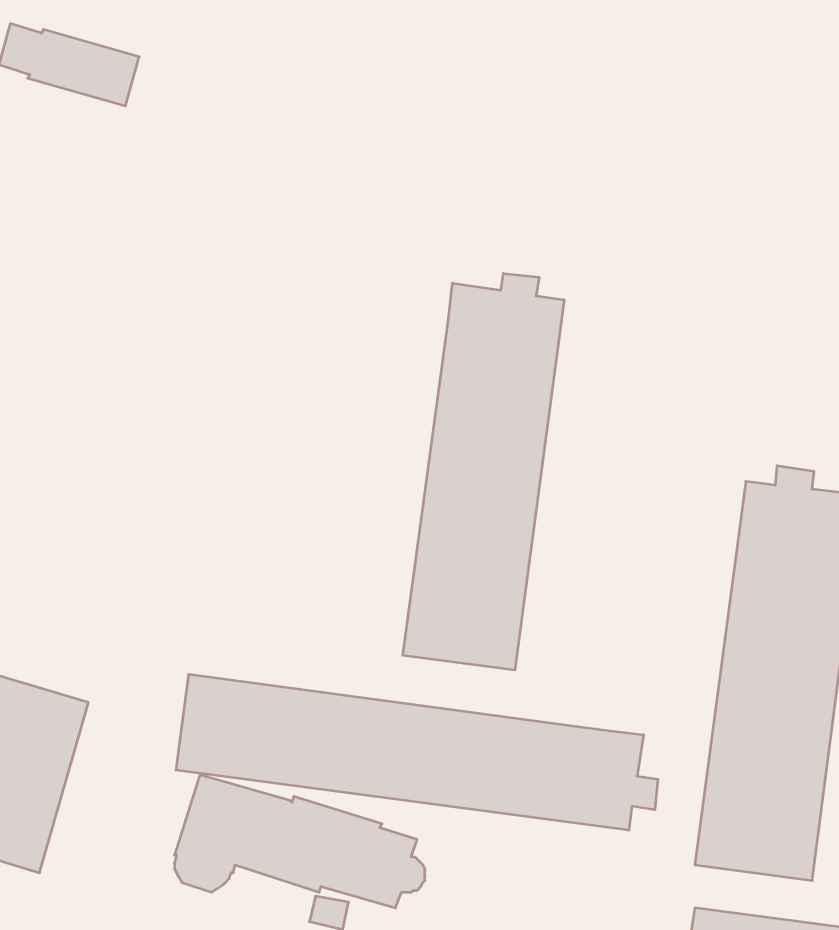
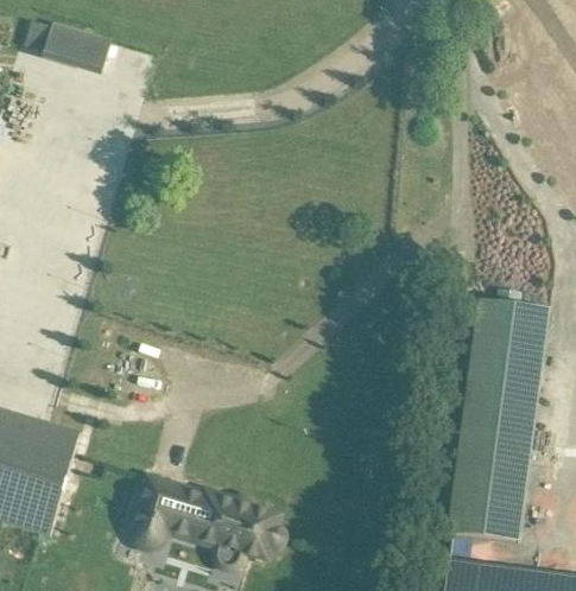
building: [403,273,564,670] -> none
building: [176,674,658,830] -> none

